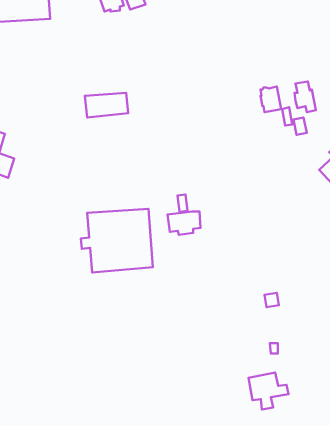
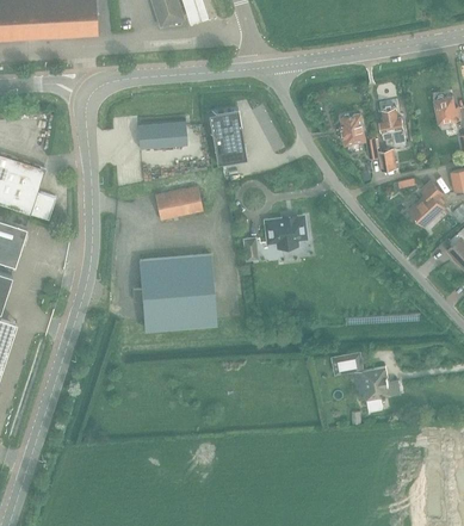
building: none -> [209,109,247,163]
building: none -> [155,186,203,219]
building: [168,211,200,235] -> [266,218,304,246]
building: [248,373,288,410] -> [354,367,401,410]

